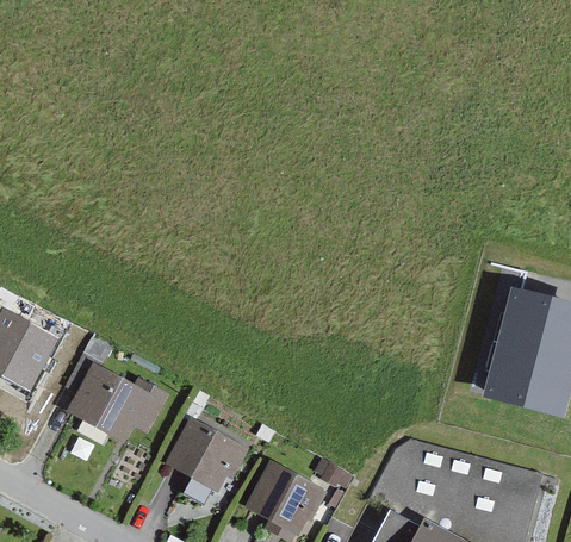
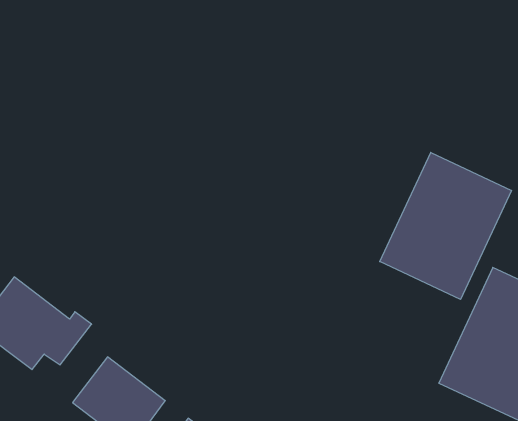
building: none -> [380,152,511,299]

